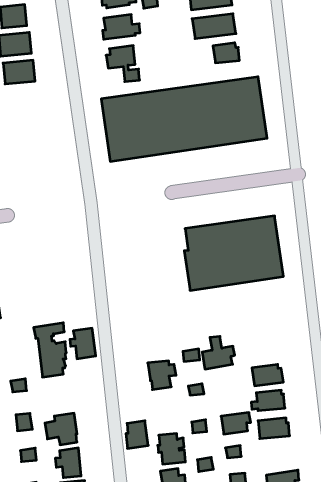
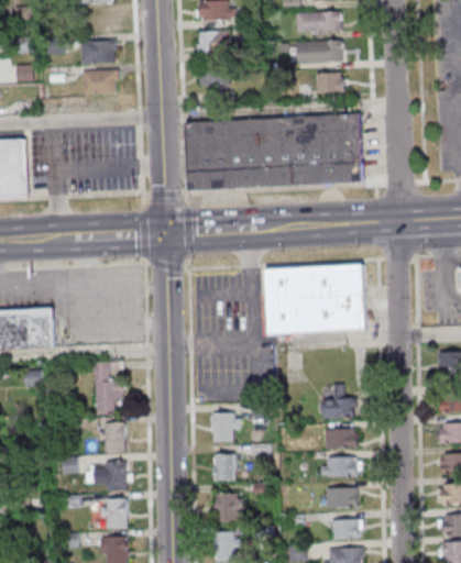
building: [70,328,96,359] -> [99,422,125,454]
building: [202,336,235,369] -> [322,384,358,418]
building: [221,413,251,434] -> [331,518,363,539]
building: [126,421,148,448] -> [212,453,235,482]

